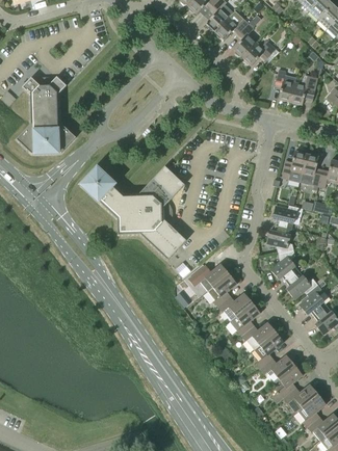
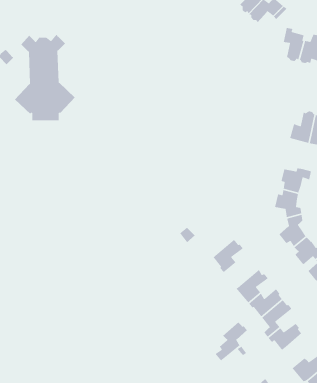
building: [80,164,186,260] -> none
building: [193,263,228,291] -> none
building: [217,292,252,320] -> none
building: [270,365,303,403] -> [215,322,248,362]

